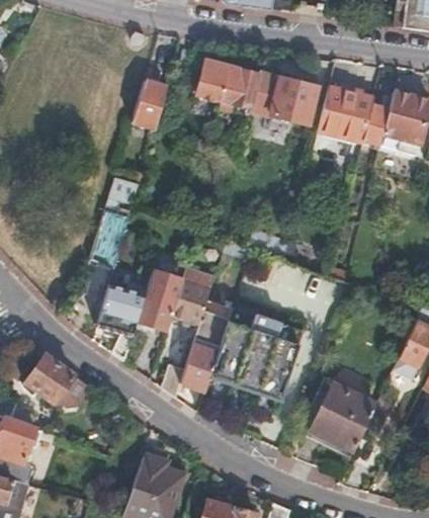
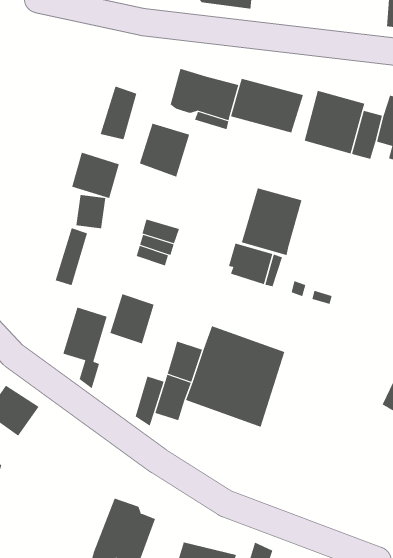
building: none -> [139,123,190,177]
building: none -> [71,152,120,199]
building: none -> [241,187,302,256]
building: [171,271,214,326] -> none
building: [314,380,378,449] -> none

